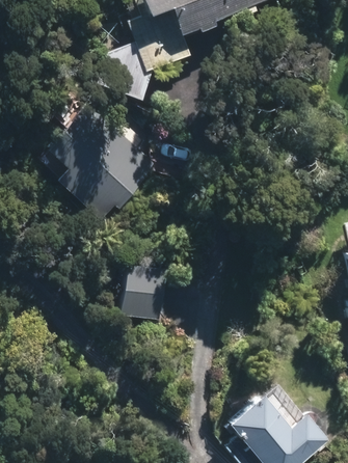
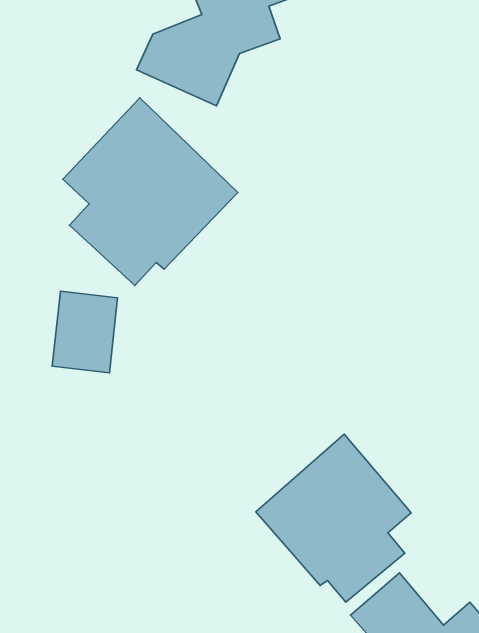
building: [121,264,162,316] -> [52,291,118,373]
building: none -> [256,434,411,602]

